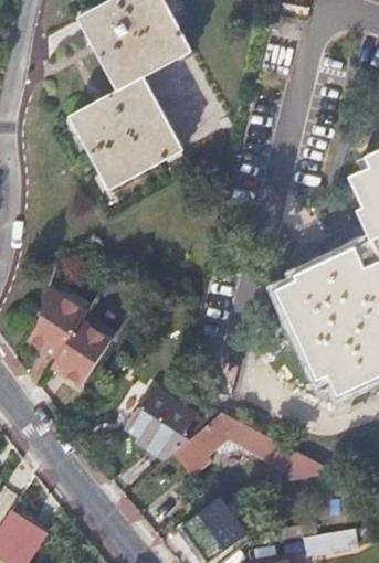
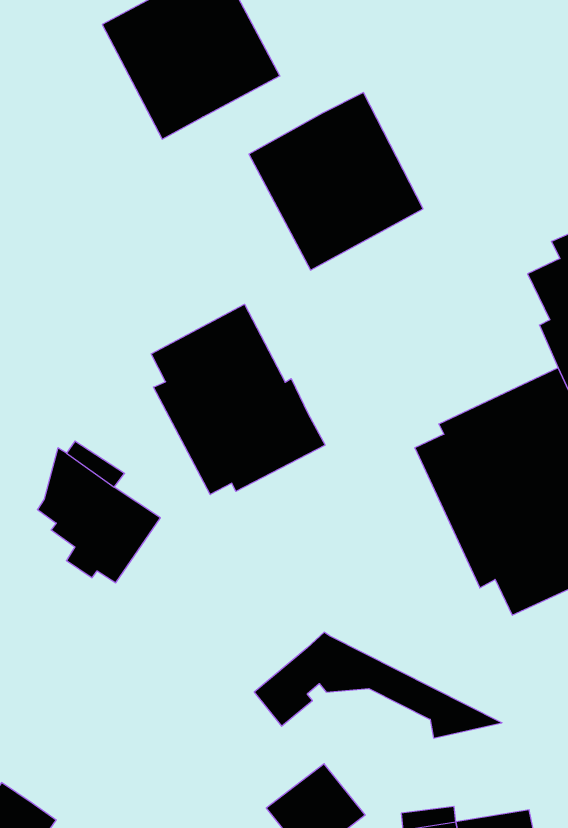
building: [69,75,181,190] -> [249,93,423,270]
building: none -> [151,304,325,495]
building: [127,390,207,454] -> none

